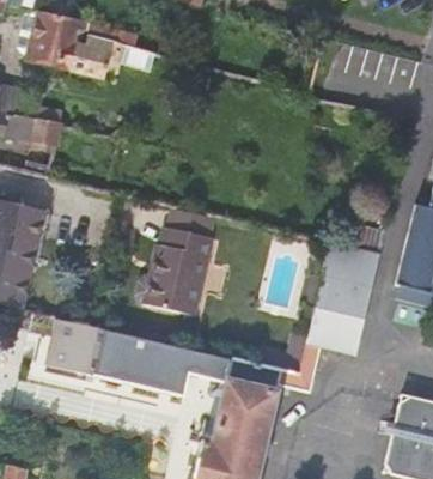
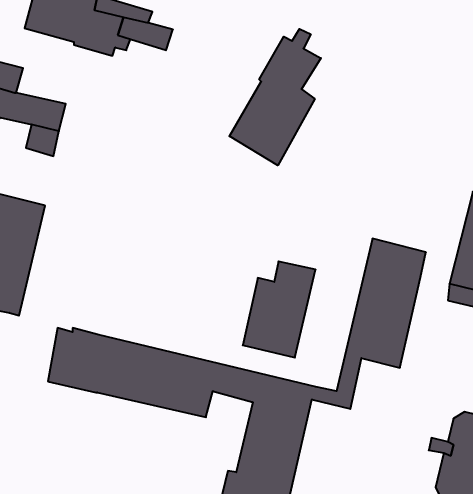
building: none -> [229,29,321,165]
building: [136,226,200,310] -> [243,261,316,358]

